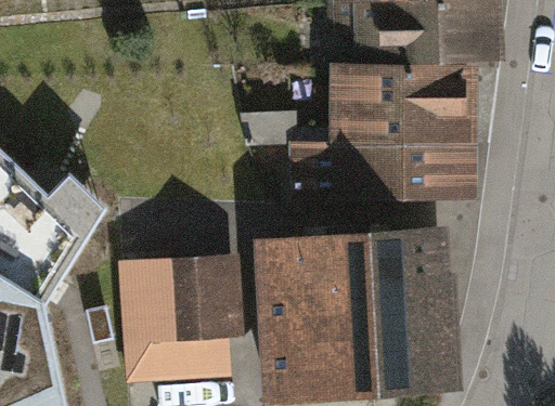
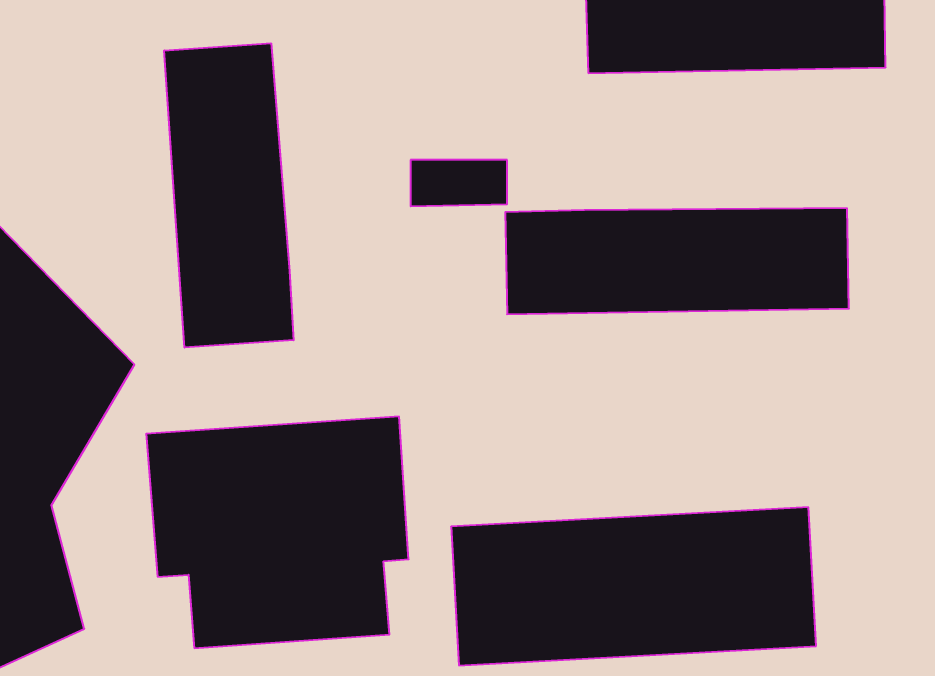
building: none -> [164,43,294,348]
building: [334,68,481,139] -> none
building: [255,232,460,316] -> none

